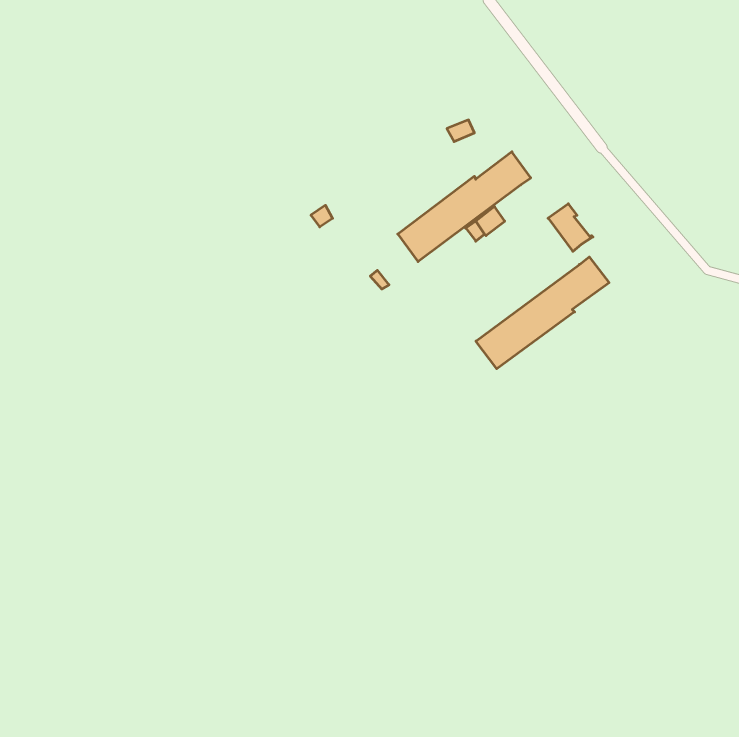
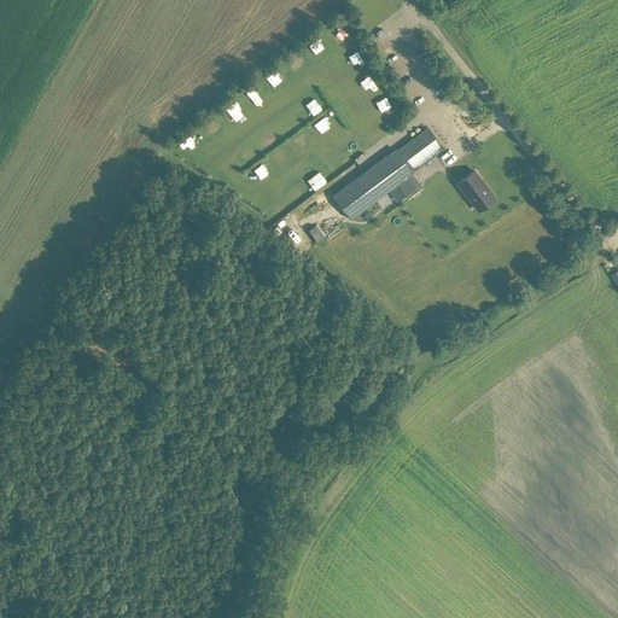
building: [476,257,609,369] -> none

